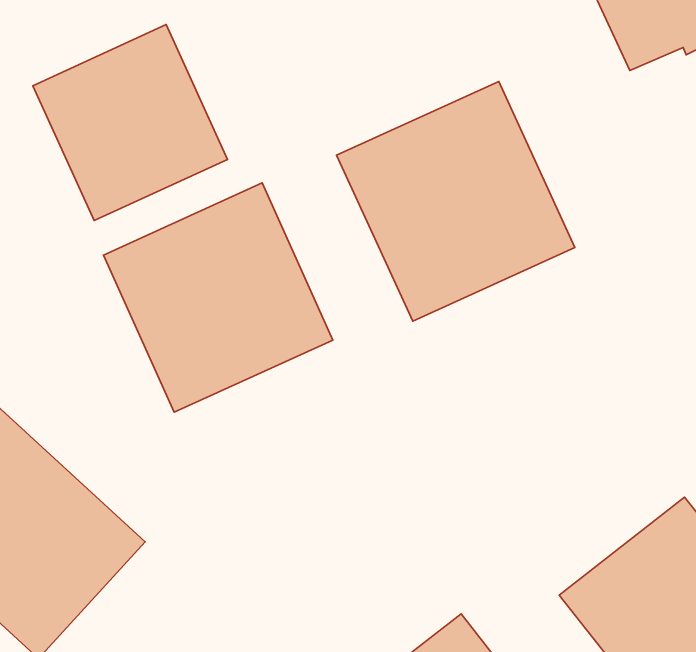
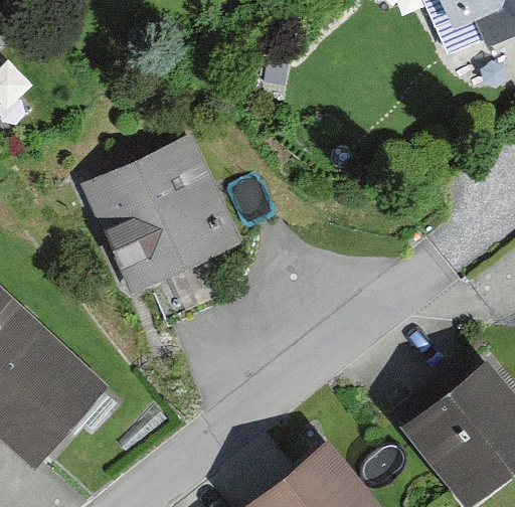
building: [33,25,227,221] -> none
building: [336,82,575,321] -> none

